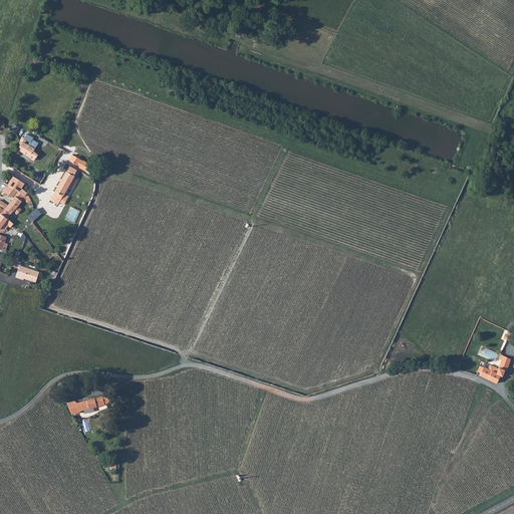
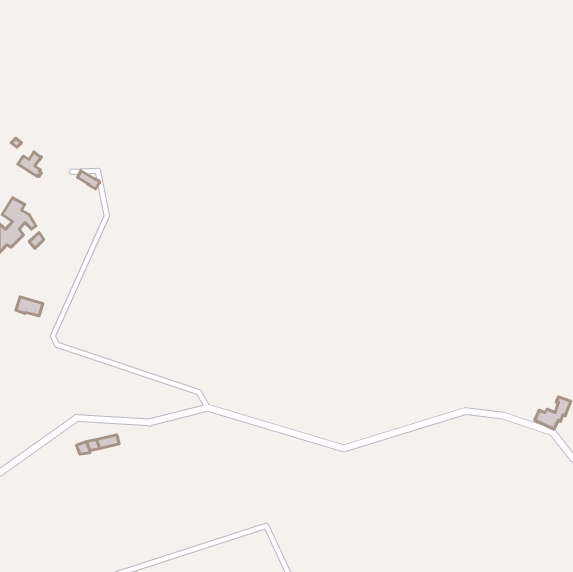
building: [49,166,76,204] -> none

